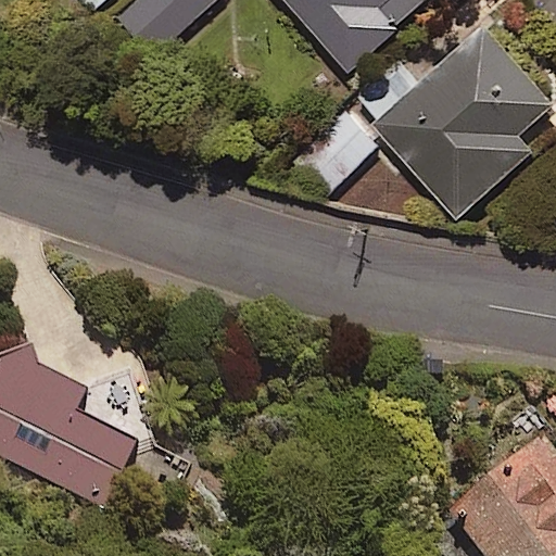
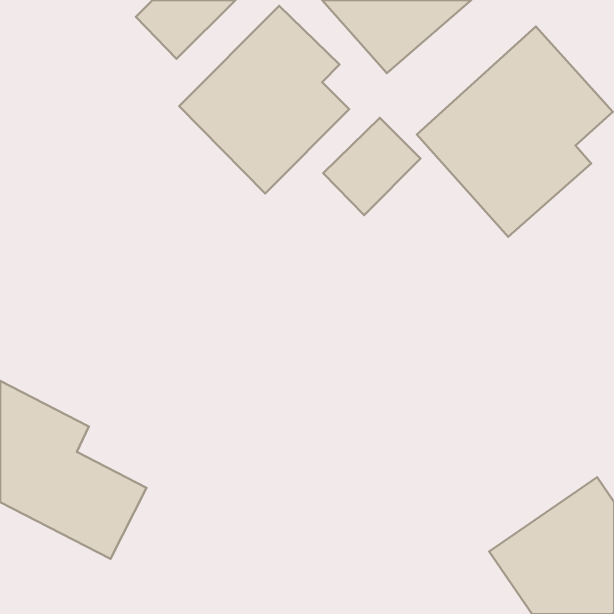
building: none -> [179,6,349,193]

